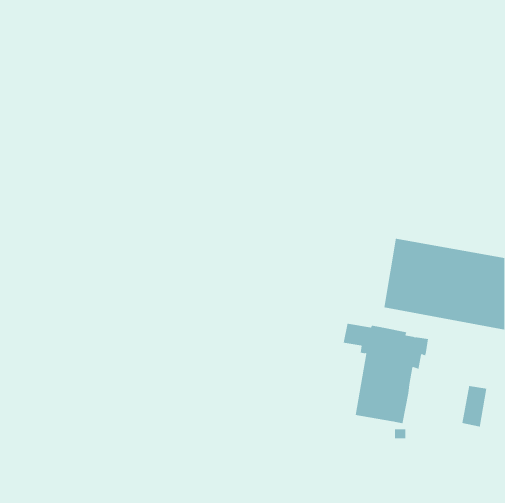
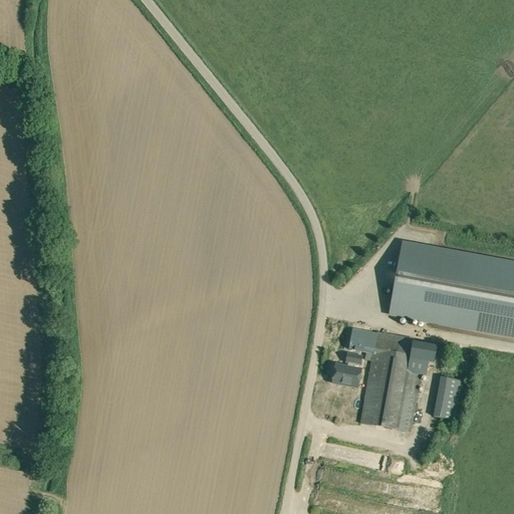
building: none -> [329,352,358,386]
building: [462,386,487,427] -> [434,376,460,419]

